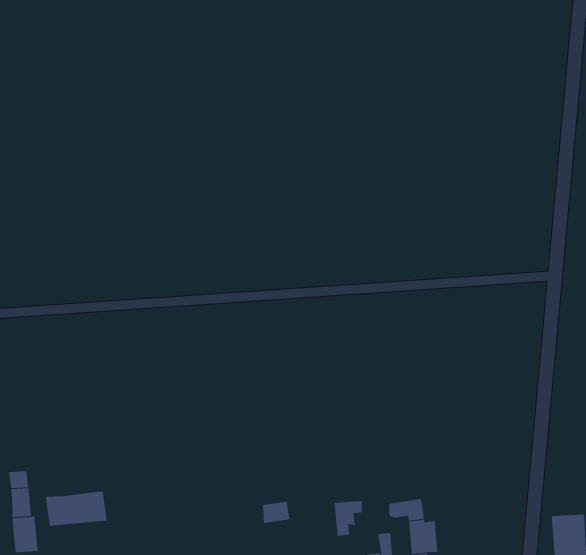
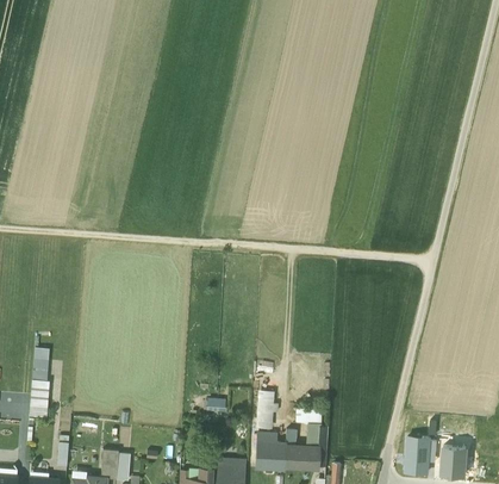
building: [45,491,107,527] -> none

